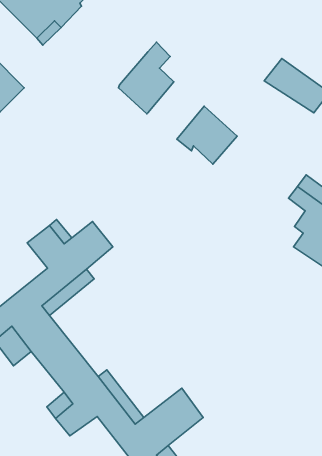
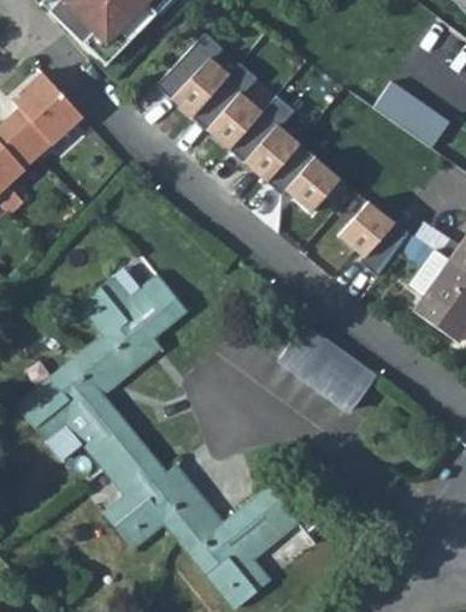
building: none -> [157,32,229,112]
building: none -> [229,93,299,179]
building: none -> [341,197,412,275]
building: none -> [283,327,374,412]

